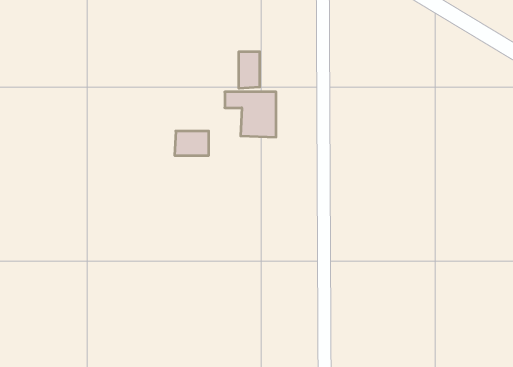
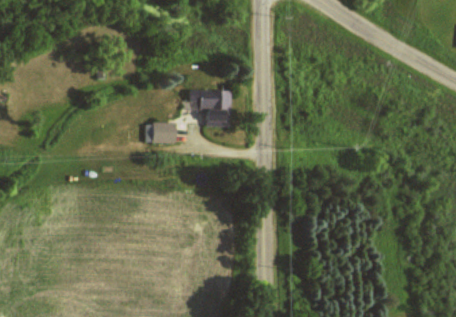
building: [239,52,260,88] -> none

